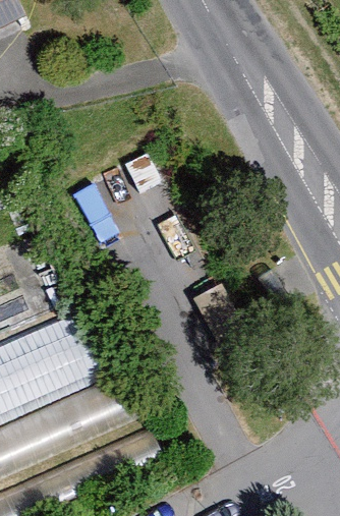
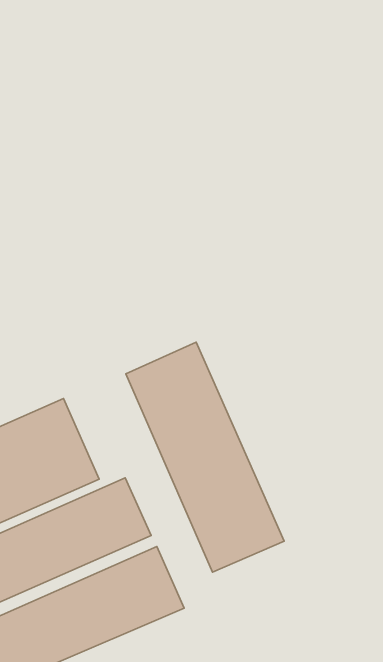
building: none -> [126,342,284,572]

